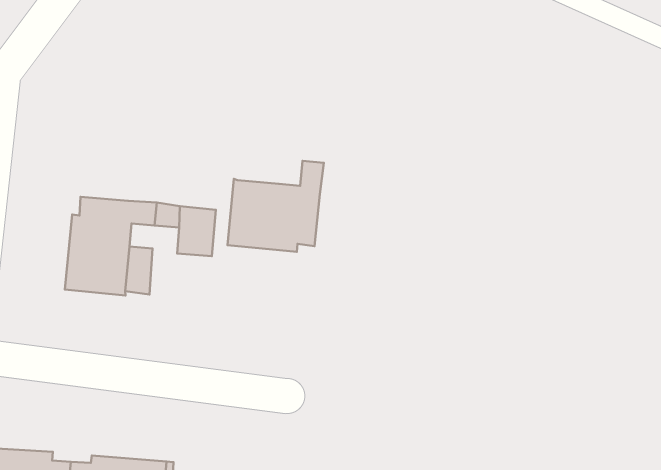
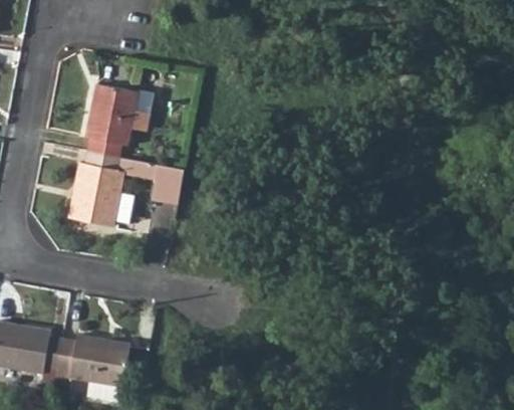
building: none -> [84,84,149,158]
building: [228,161,324,252] -> none

